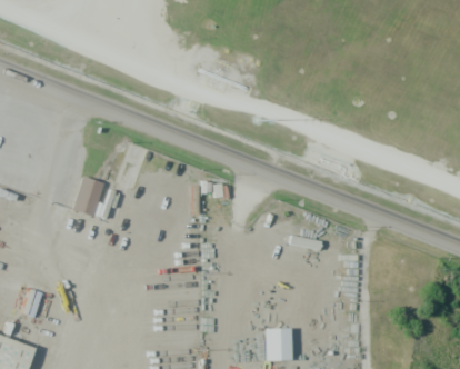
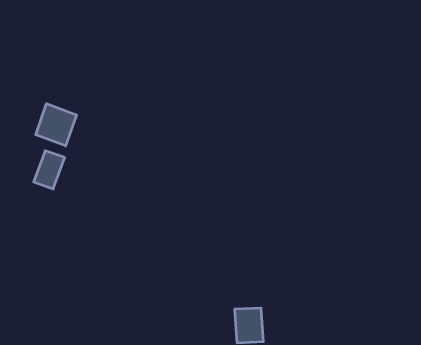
building: none -> [36,104,76,146]

